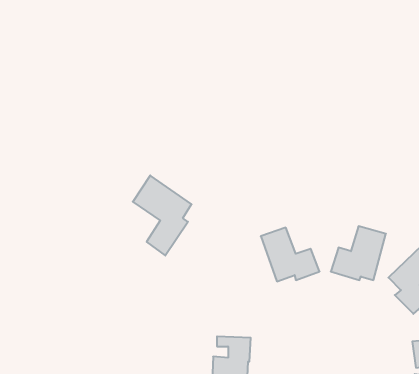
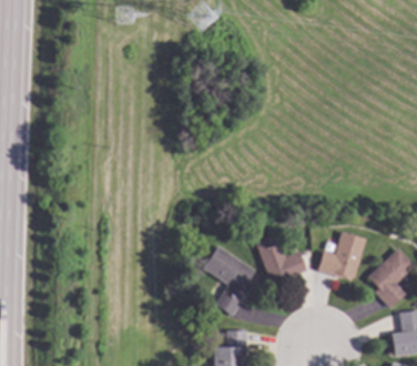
building: [133,175,192,256] -> [203,245,255,316]

